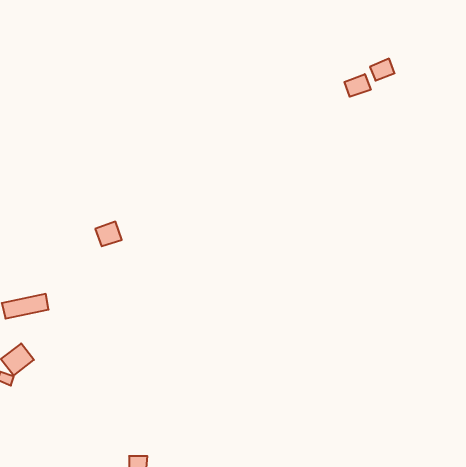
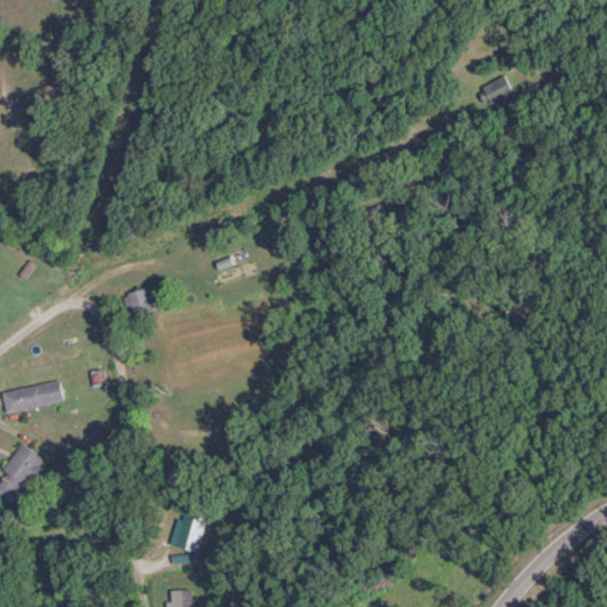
building: [344,74,371,97] -> none
building: none -> [172,501,212,549]

